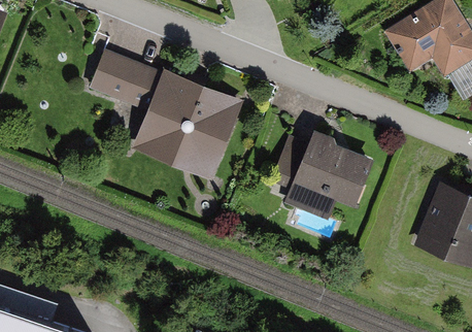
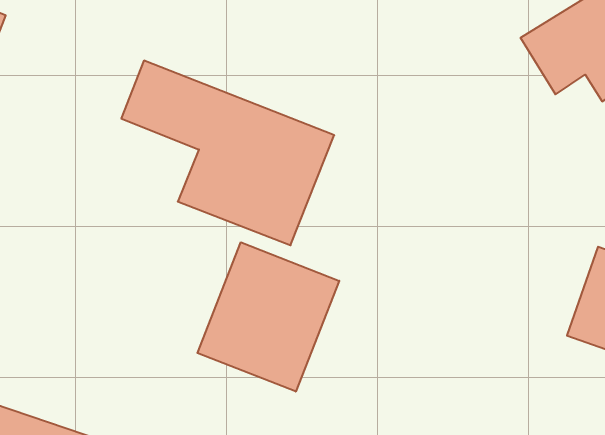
building: [269,129,373,221] -> none
building: none -> [197,242,339,392]

